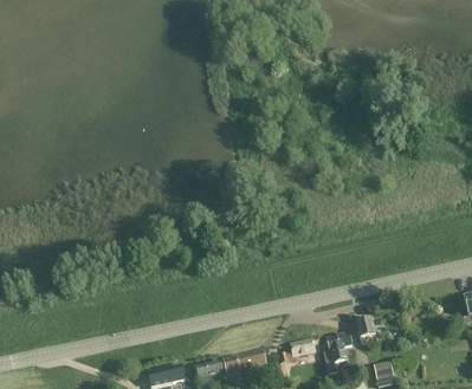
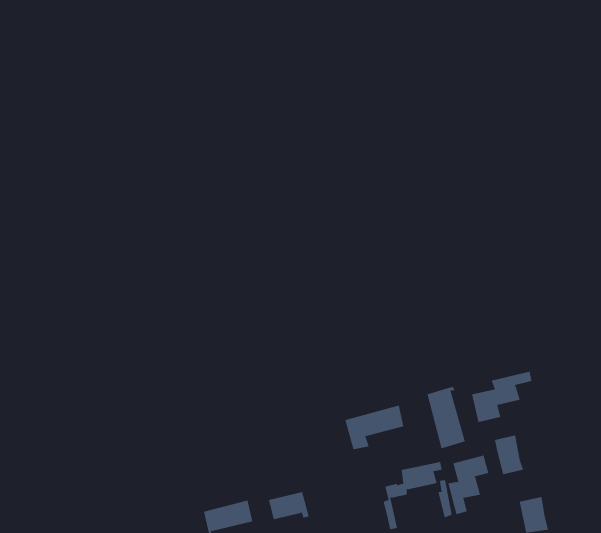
building: none -> [471,371,532,423]
building: none -> [427,386,466,449]
building: [225,348,267,380] -> [344,405,404,450]

